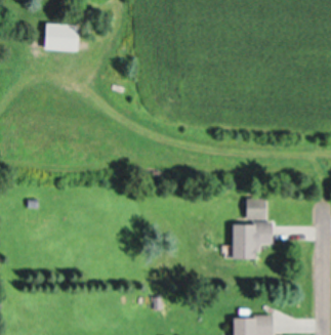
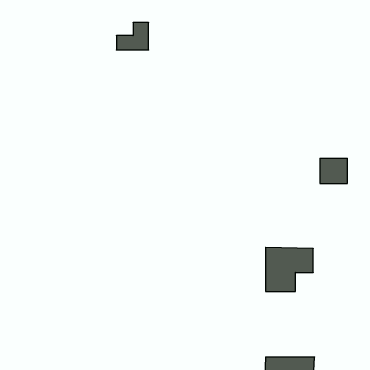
building: [45,27,73,50] -> [116,23,149,50]
building: [246,198,270,219] -> [320,158,347,183]

